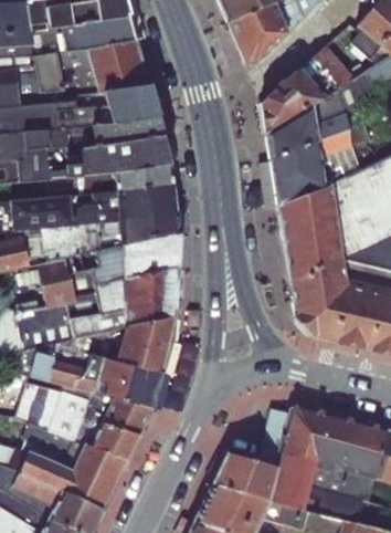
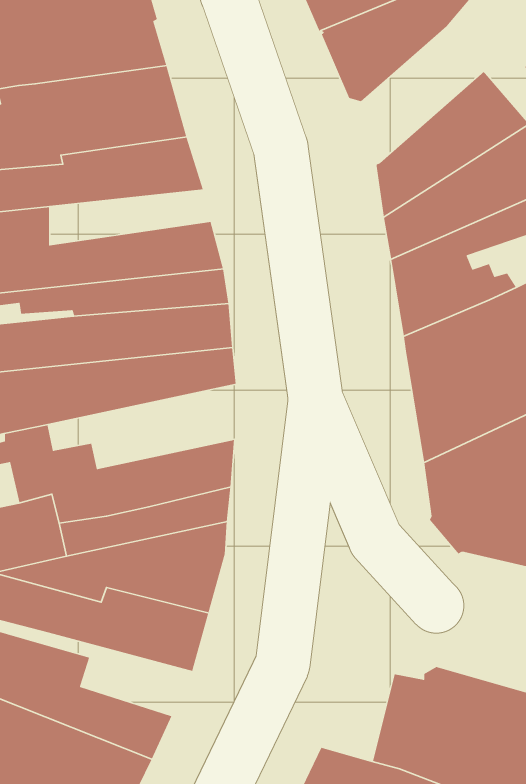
building: [66,118,163,151] -> none
building: [65,236,179,286] -> none
building: [63,386,152,436] -> none

